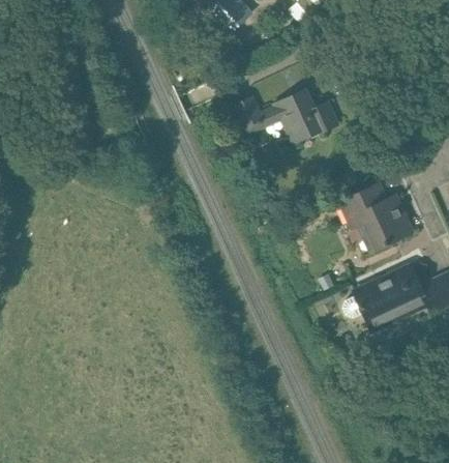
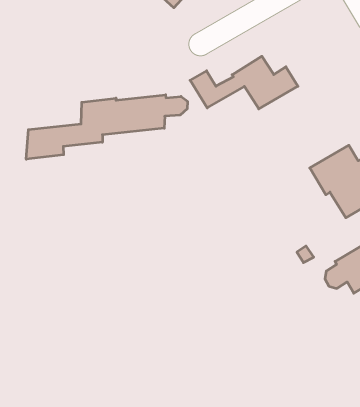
building: none -> [26,95,187,159]

